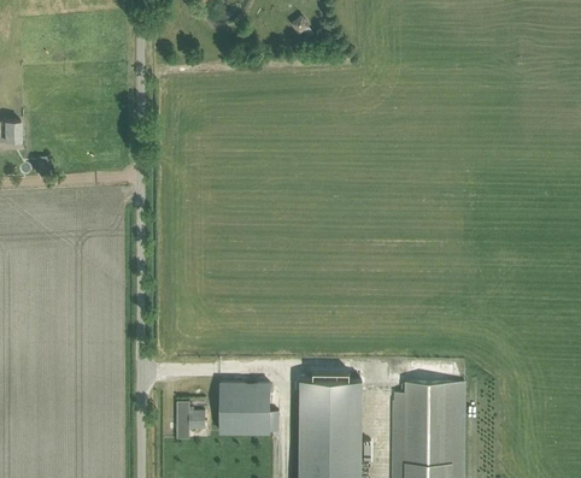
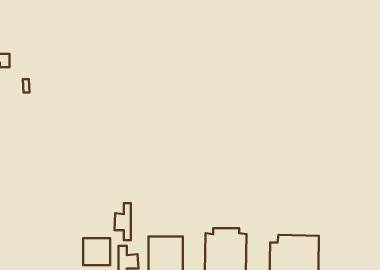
building: none -> [114,203,131,240]
building: none -> [83,238,110,265]

